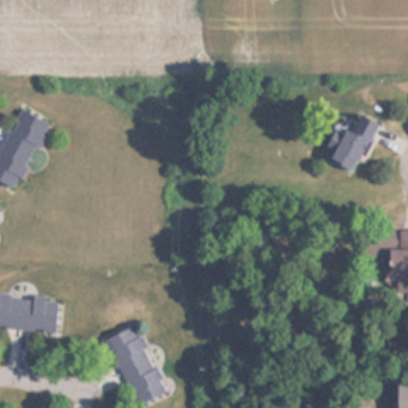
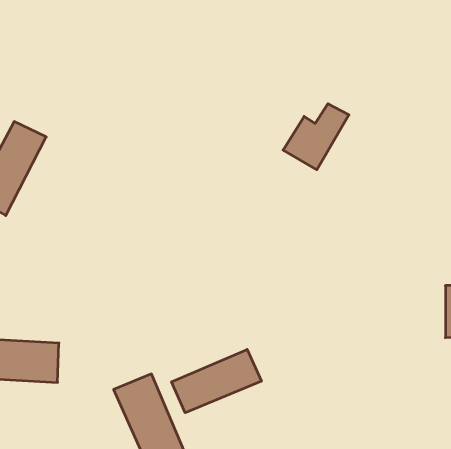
building: [323,116,379,172] -> [283,104,349,170]
building: none -> [172,349,261,413]

